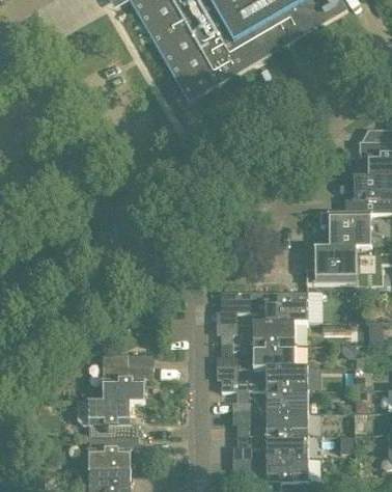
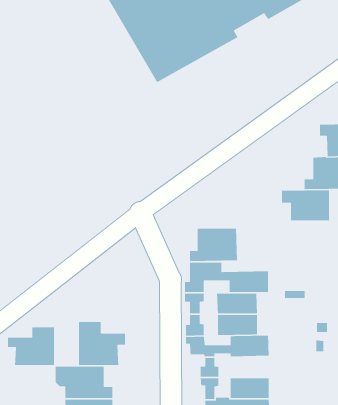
building: [306,245,371,281] -> [189,228,250,262]
building: none -> [7,326,55,366]
building: [264,389,307,412] -> none

